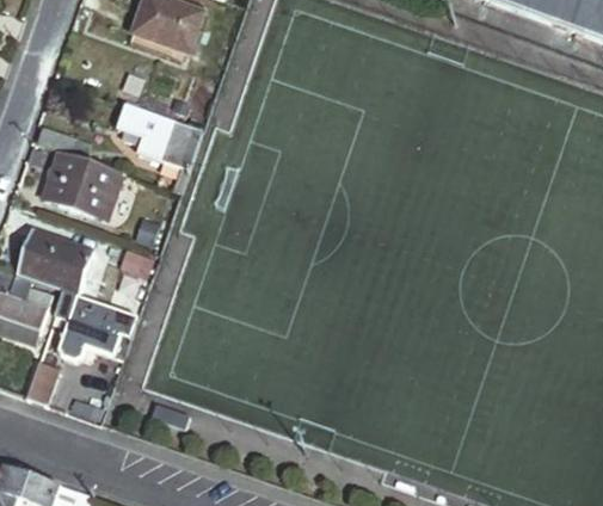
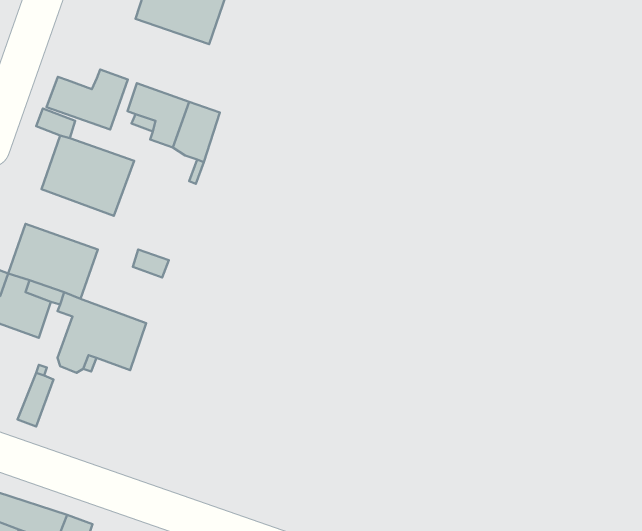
building: none -> [46,70,128,129]

